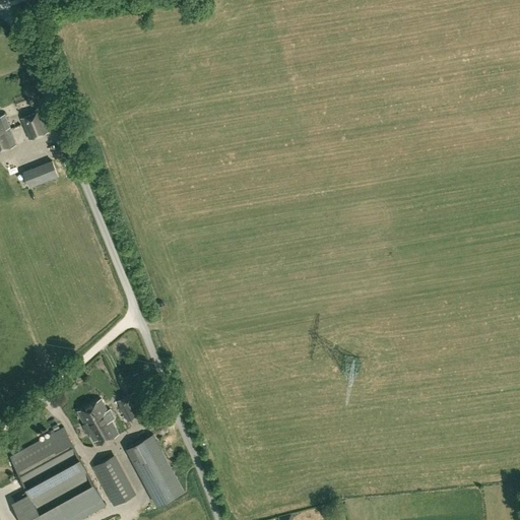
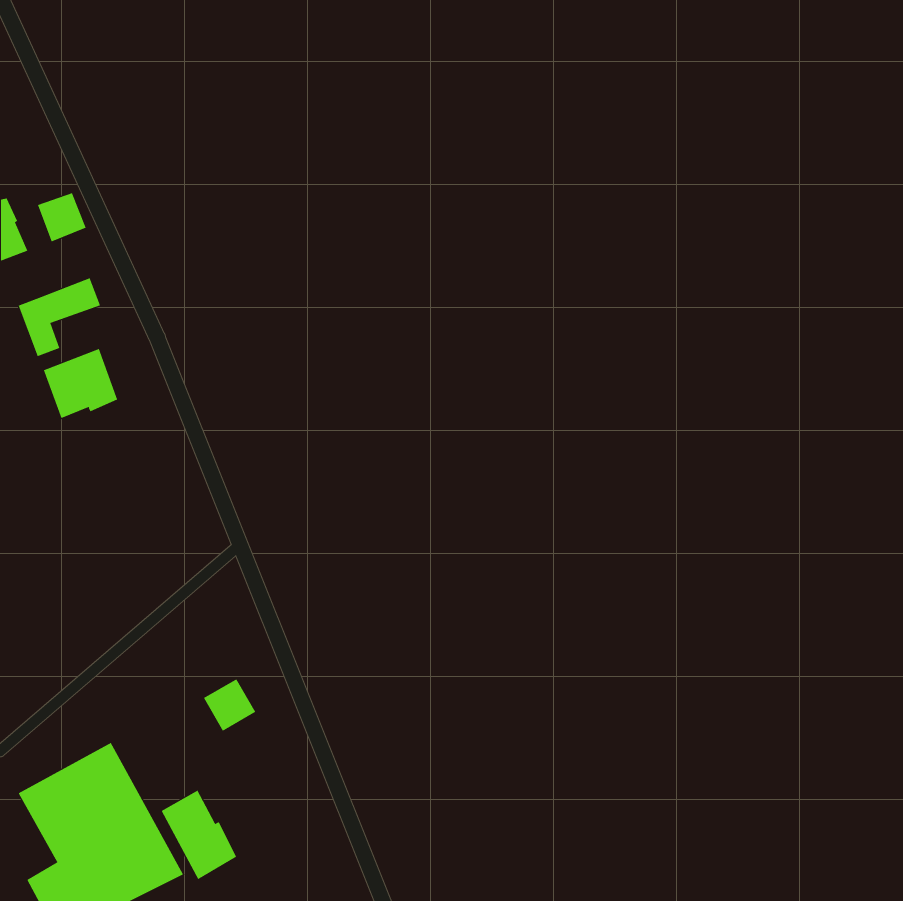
building: none -> [43,348,118,419]
building: [77,399,119,446] -> none
building: [125,436,181,507] -> none

